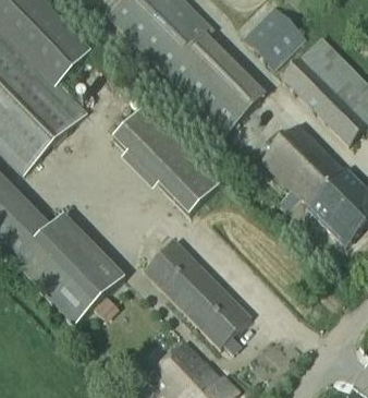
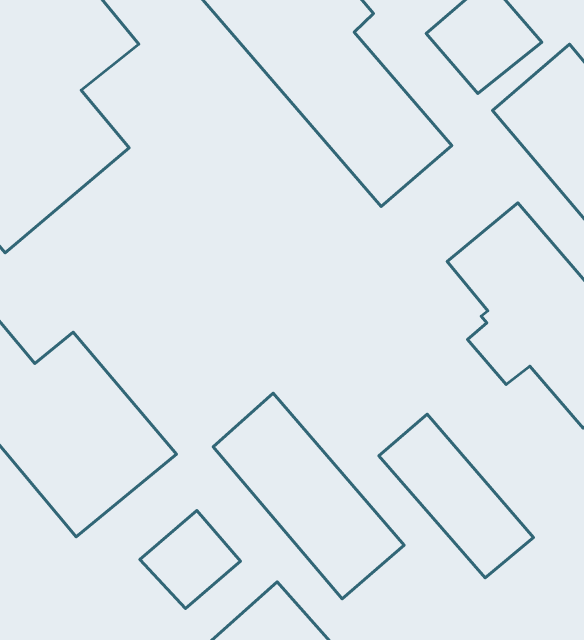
building: [112,104,220,213] -> none
building: none -> [379,414,533,578]
building: none -> [140,510,241,609]

